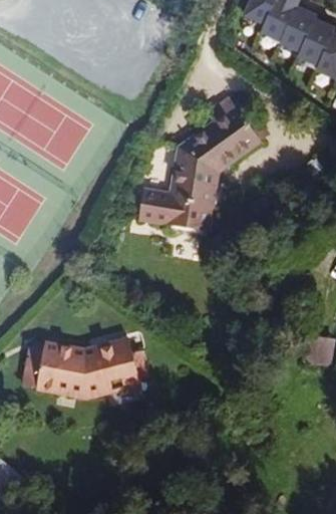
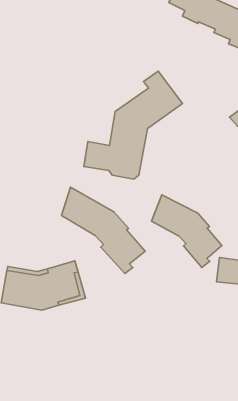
building: none -> [61,187,145,274]
building: none -> [151,195,222,268]

